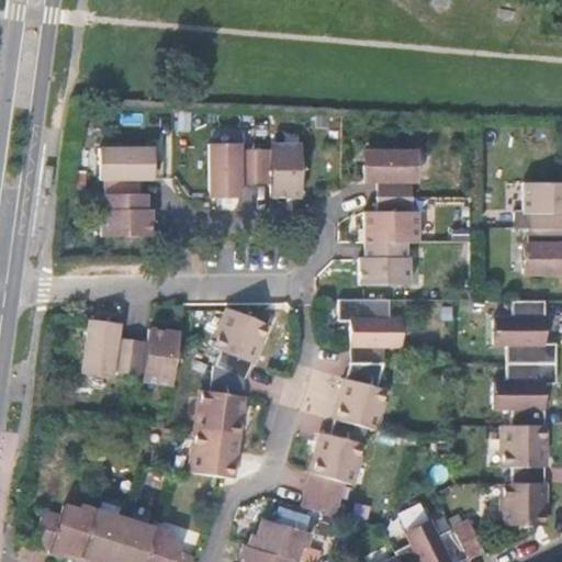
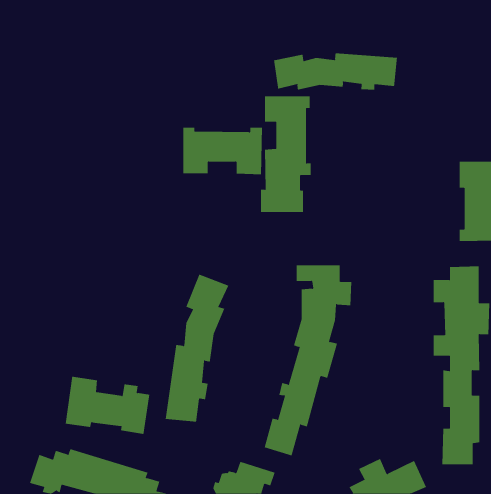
building: none -> [274,52,398,90]
building: [101,148,154,235] -> none
building: [361,151,419,283] -> [260,96,312,212]
building: [83,318,180,384] -> [65,376,150,434]

